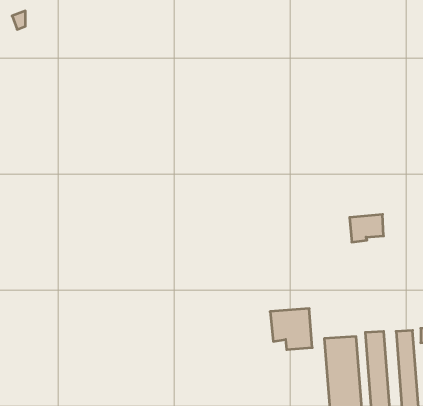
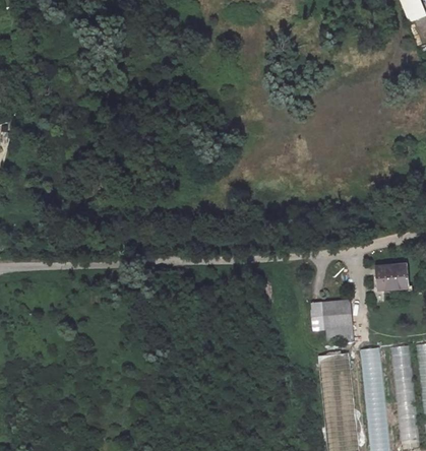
building: [350,214,384,242] -> [375,262,409,289]
building: [270,309,312,350] -> [311,299,353,339]

